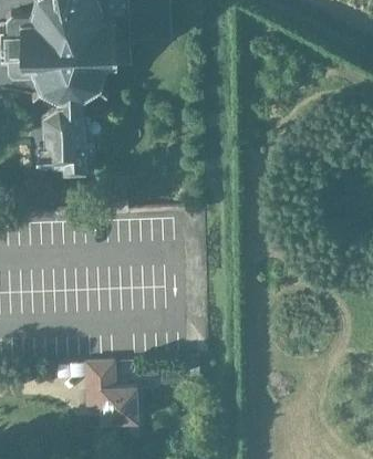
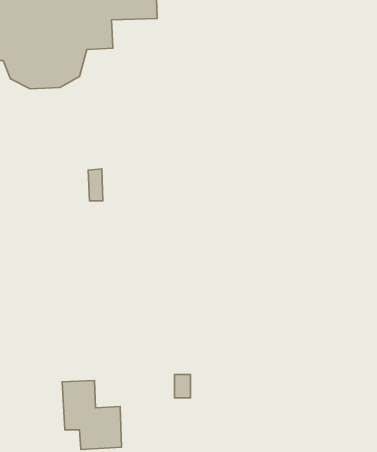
building: [37,100,102,175] -> none

